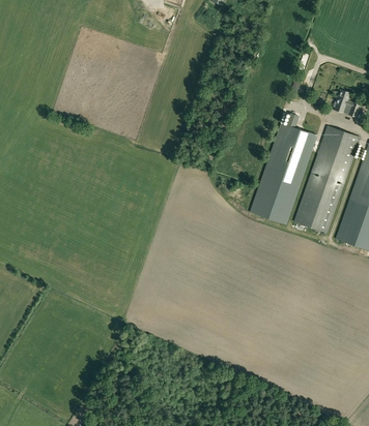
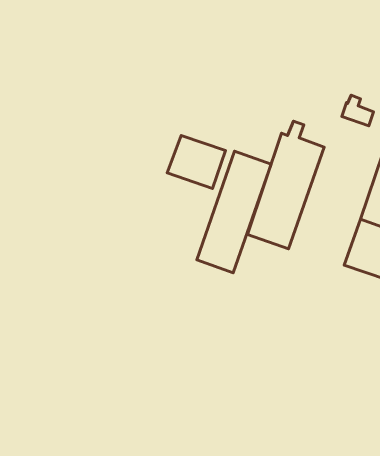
building: none -> [167,136,225,189]
building: [293,126,359,233] -> [197,151,271,273]

